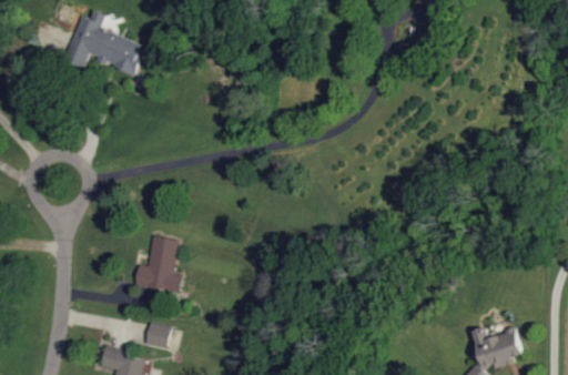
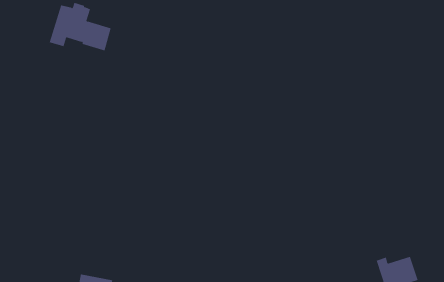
building: [133,235,181,293] -> none
building: [144,321,171,348] -> none

